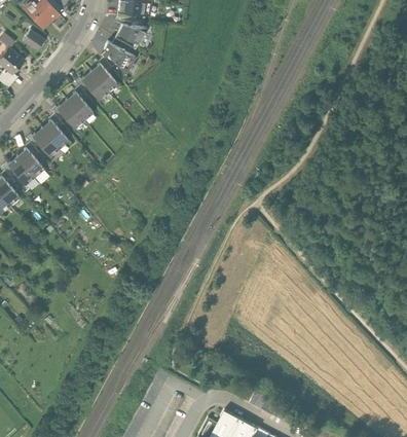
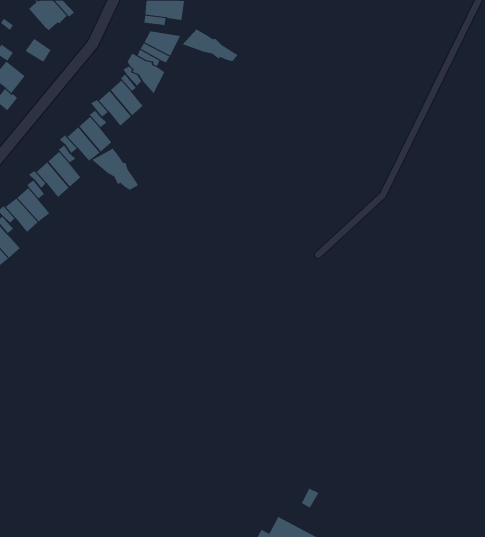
building: none -> [182,29,238,62]
building: none -> [91,148,139,191]

